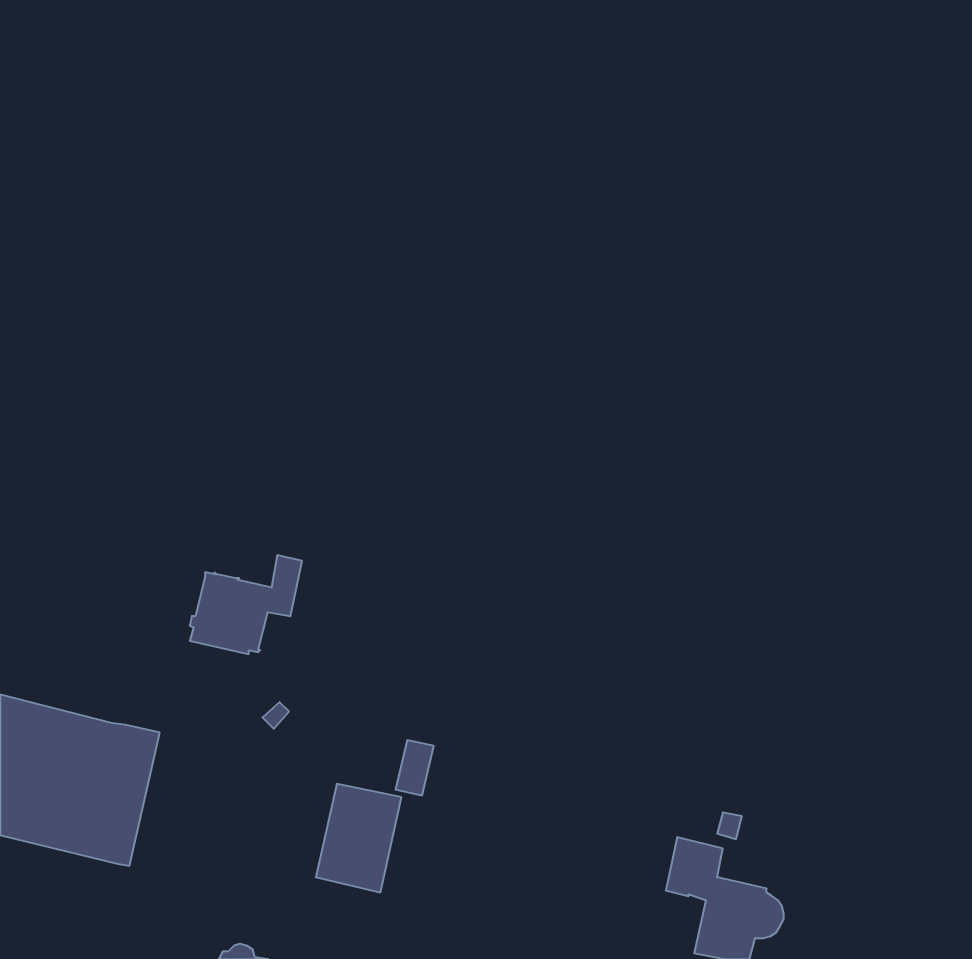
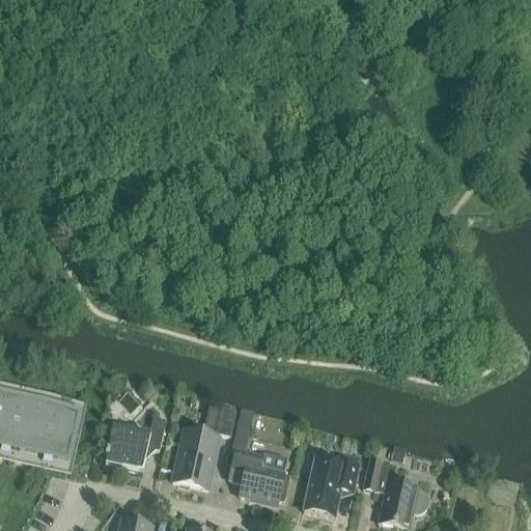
building: [190,555,302,654] -> [105,414,166,468]
building: none -> [228,408,289,502]
building: none -> [303,455,359,514]

